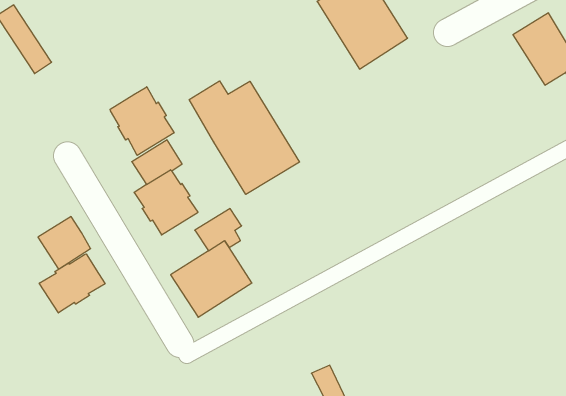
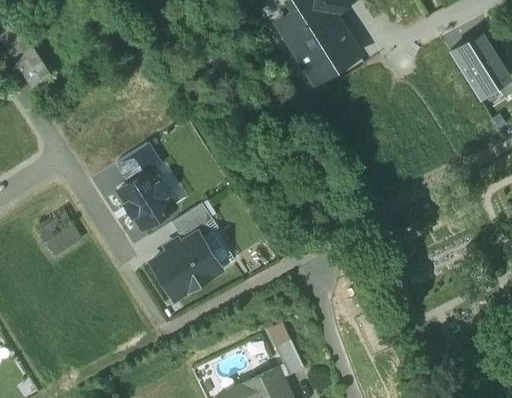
building: [189,81,300,194] -> none
building: [110,87,174,155] -> none
building: [39,254,105,313] -> none

